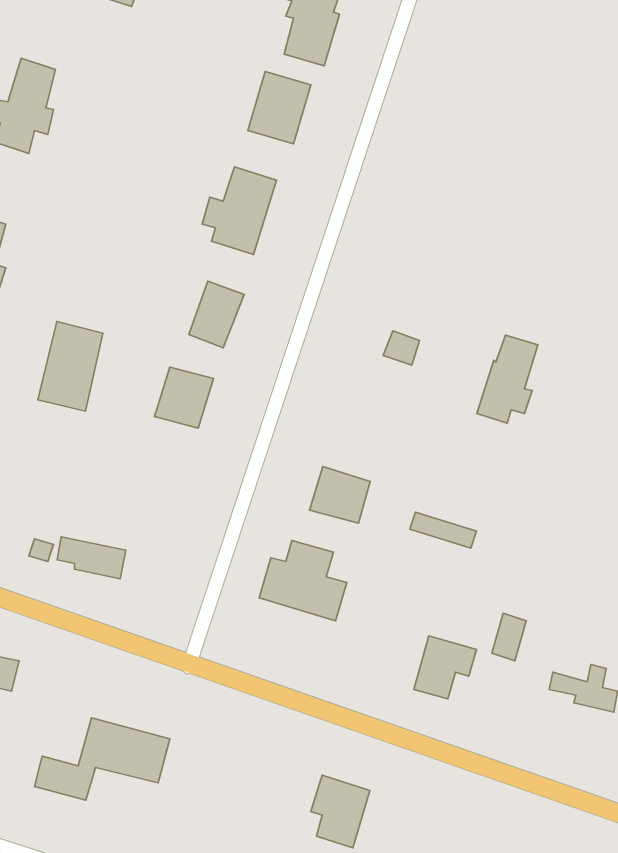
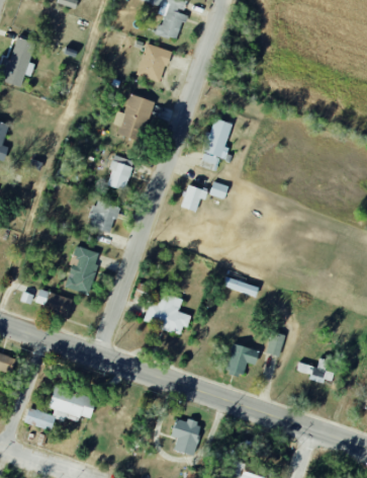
building: [38,322,103,411] -> [65,246,99,294]
building: [477,335,538,423] -> [199,118,232,165]
building: none -> [181,185,206,211]
building: [310,467,370,523] -> none

